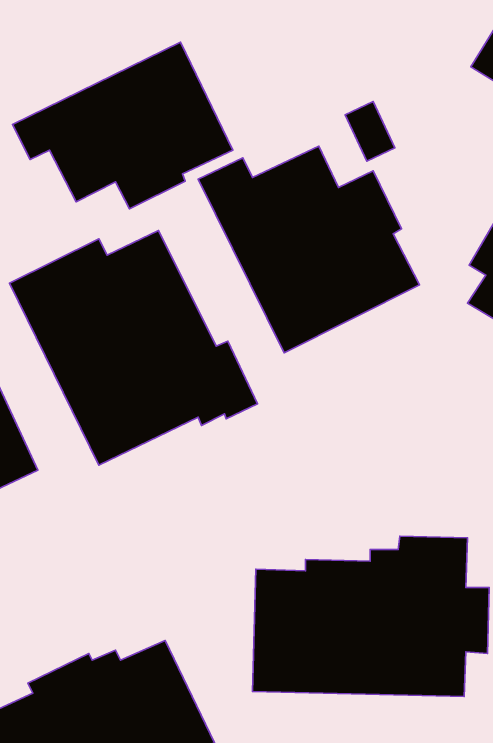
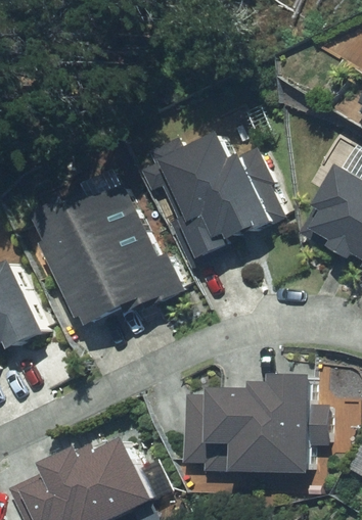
building: [12,42,233,209] -> none

